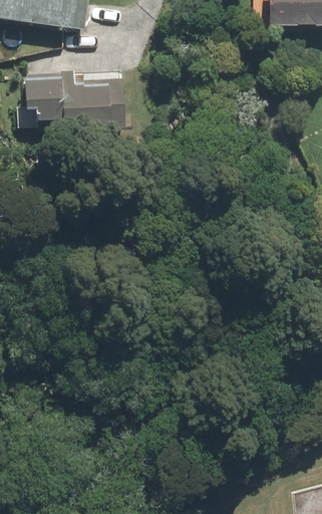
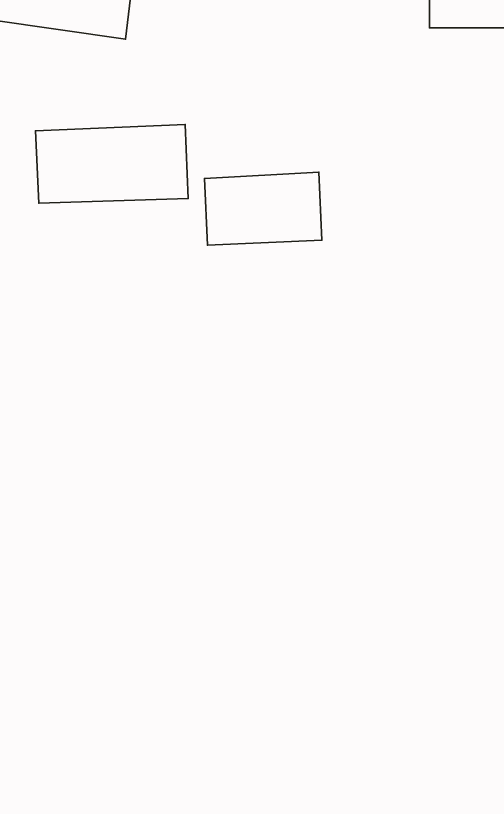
building: none -> [205,172,322,245]

